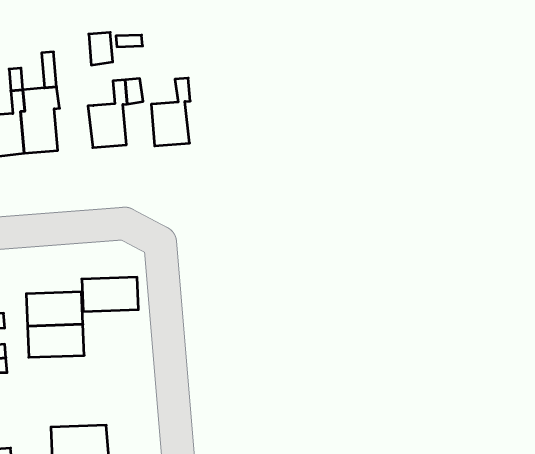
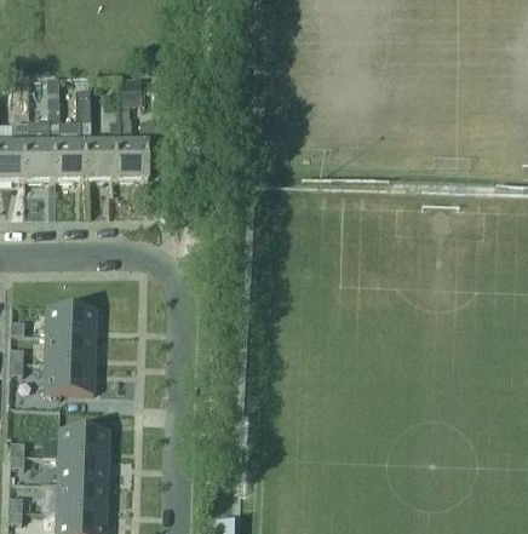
building: [151,78,190,146] -> [86,119,121,177]
building: [82,277,138,311] -> [44,360,94,391]

